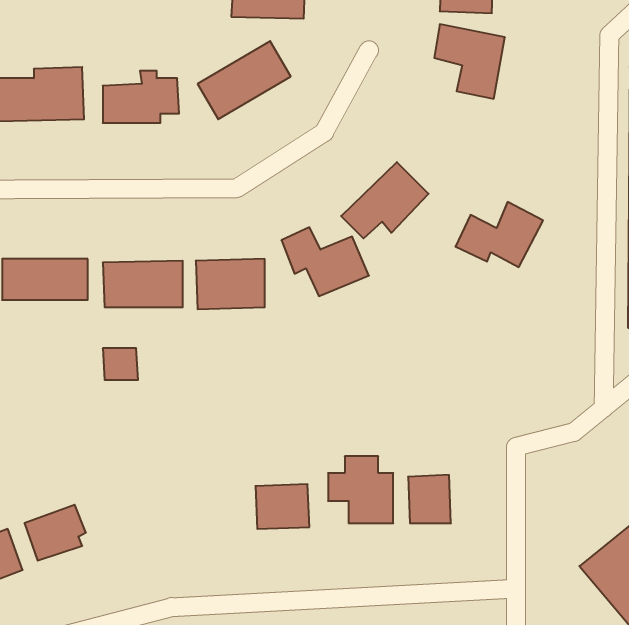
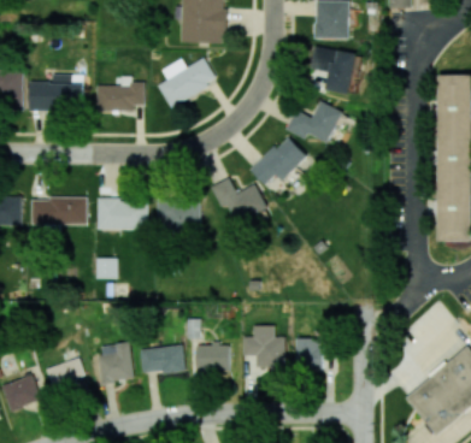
building: [455,202,543,267] -> [285,101,342,143]
building: none -> [98,343,133,383]
building: none -> [141,347,183,374]

